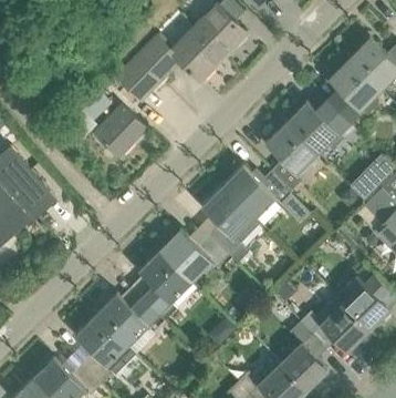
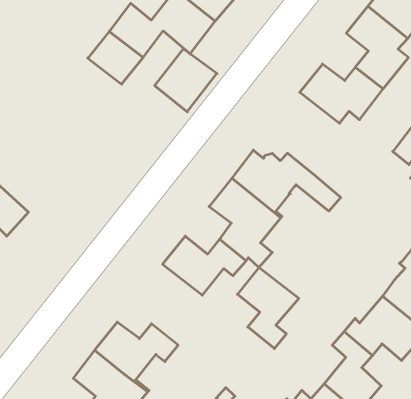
building: [94,105,146,157] -> [155,49,217,112]
building: [264,123,315,192] -> none
building: [138,252,188,319] -> [237,267,299,349]

